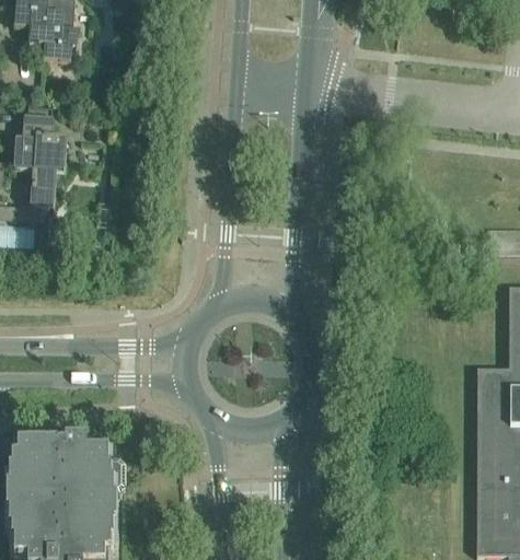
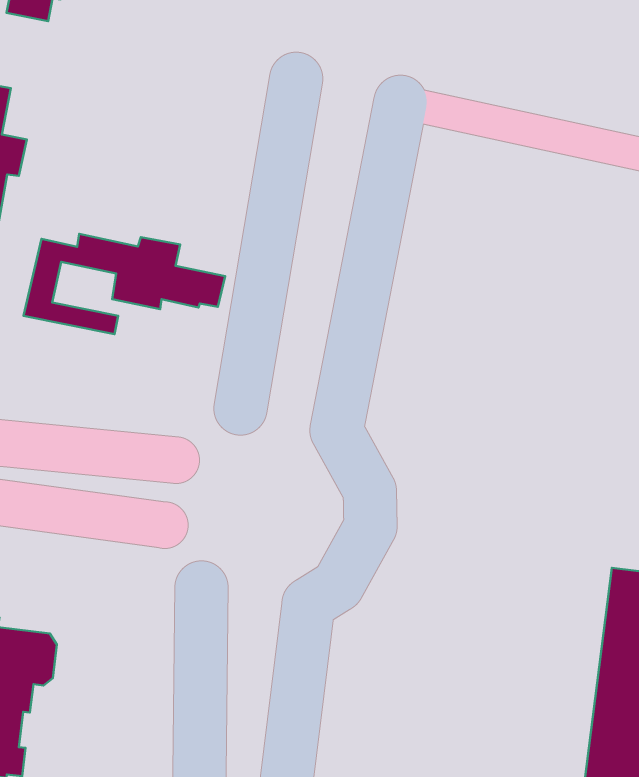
building: none -> [24,234,225,334]

